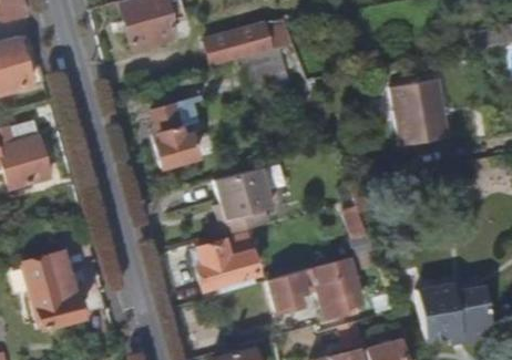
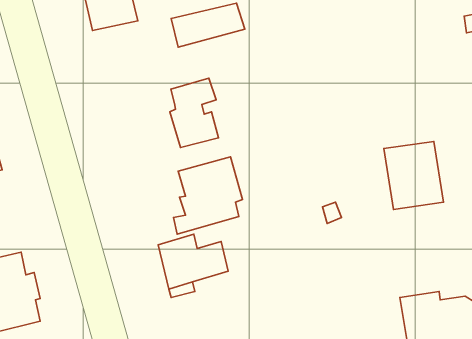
building: [395,80,450,143] -> [384,141,443,209]
building: [153,97,198,162] -> [170,78,219,147]
building: [269,256,367,320] -> none

